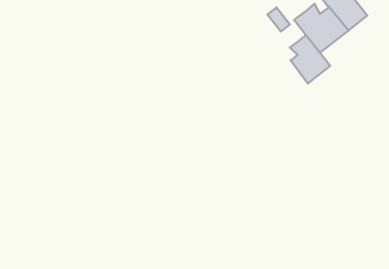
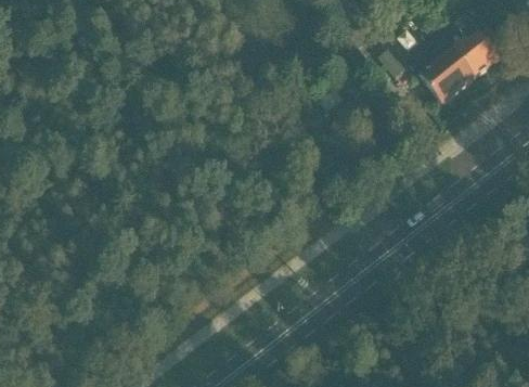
building: [290,35,330,83] -> none

